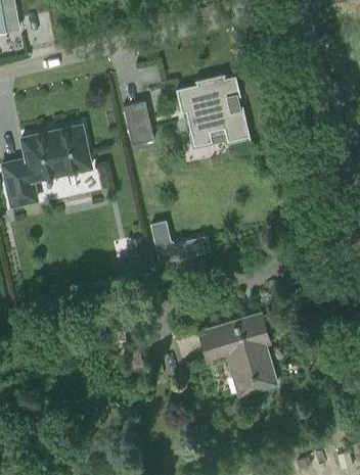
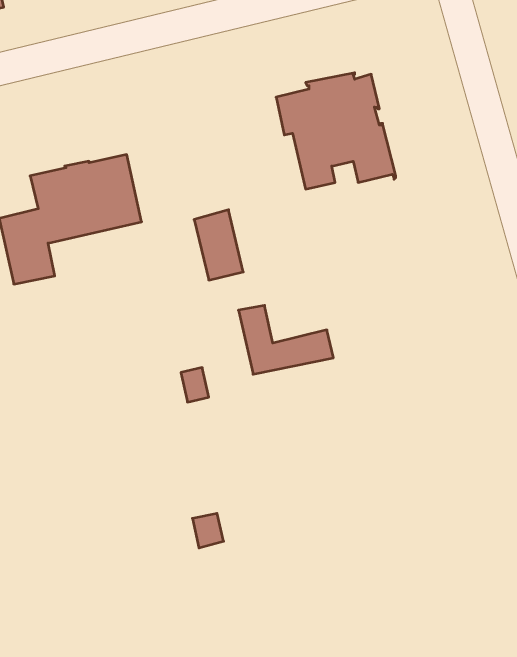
building: [124,102,154,146] -> [194,210,243,280]
building: [199,315,277,395] -> none

